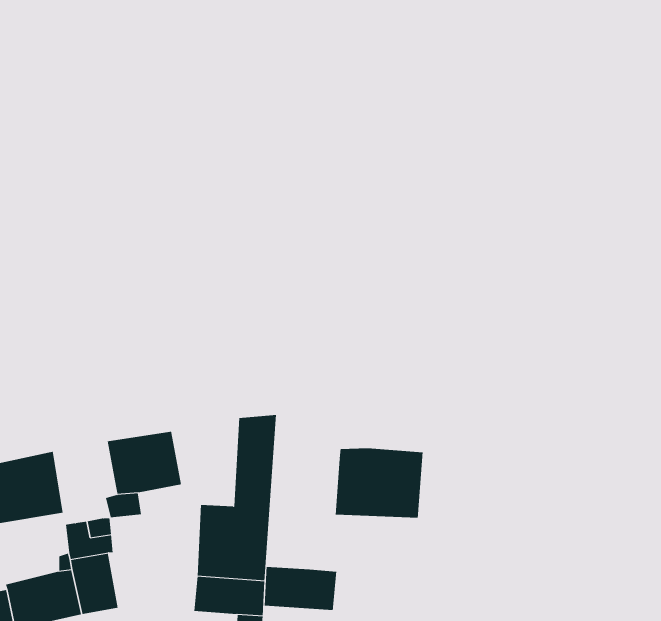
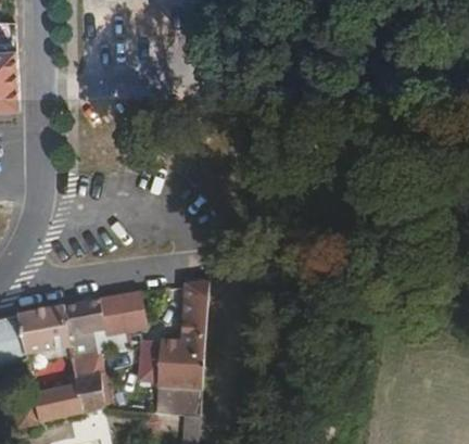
building: none -> [62,300,102,354]
building: [335,448,423,519] -> none
building: [264,566,337,611] -> none

